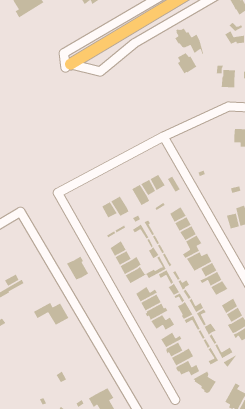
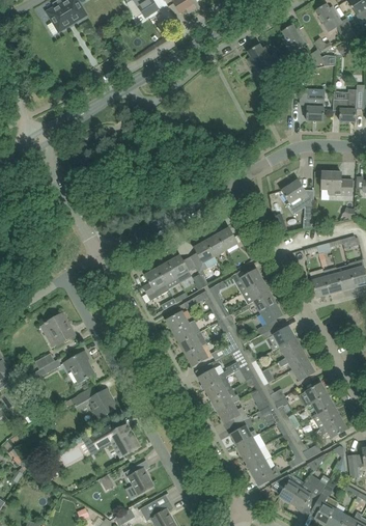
building: [177,52,197,75] -> [281,25,307,53]
building: none -> [281,179,313,217]
building: none -> [142,268,168,301]
building: none -> [45,313,75,345]
building: [66,256,89,280] -> [65,352,94,383]
building: none -> [90,422,138,456]
building: none -> [124,461,153,495]
building: none -> [290,480,325,510]

